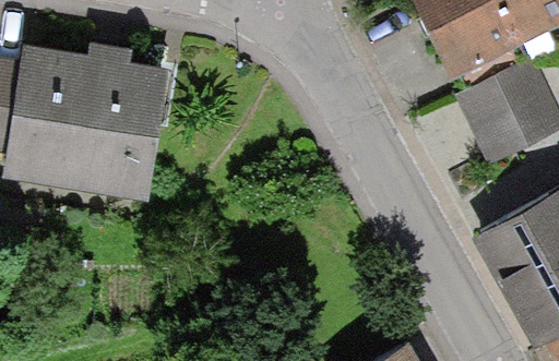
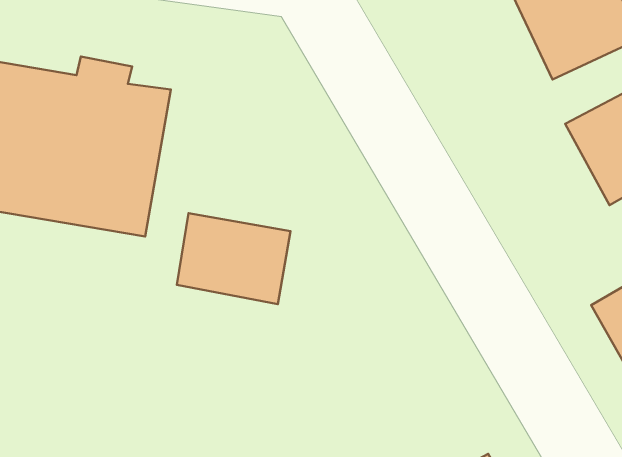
building: none -> [177,213,291,304]

